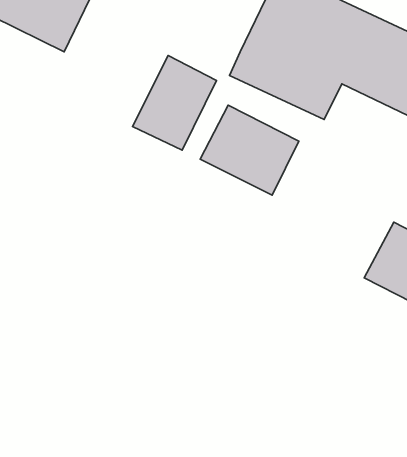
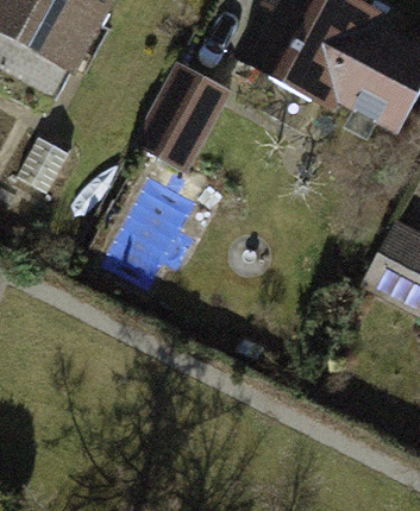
building: [200,105,299,195] -> none

